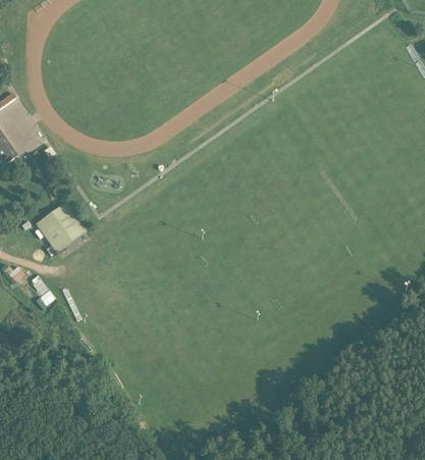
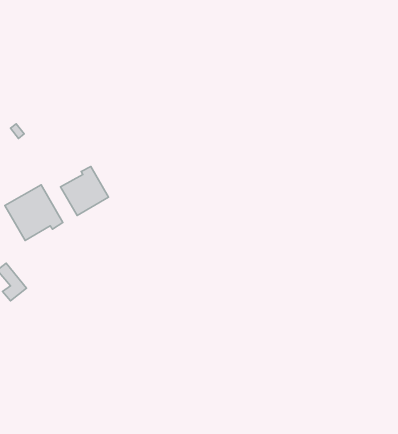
building: none -> [61,167,108,216]

